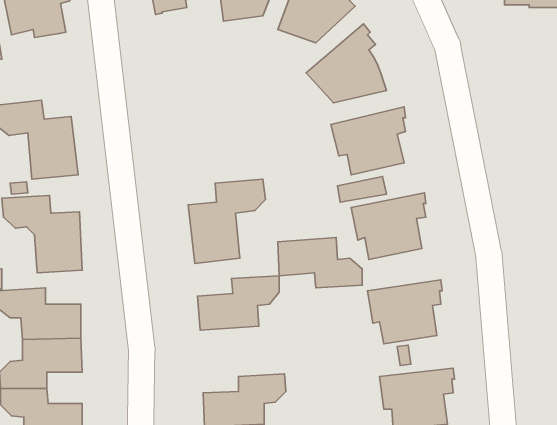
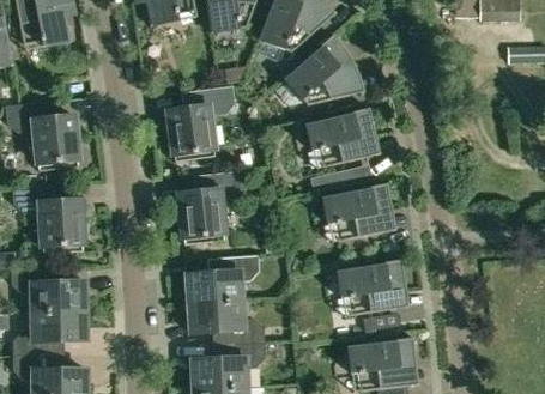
building: none -> [168,85,235,162]
building: [278,238,362,288] -> [189,299,264,344]

